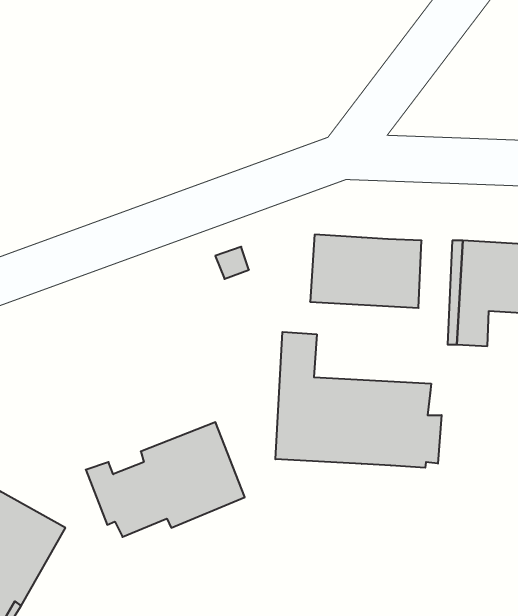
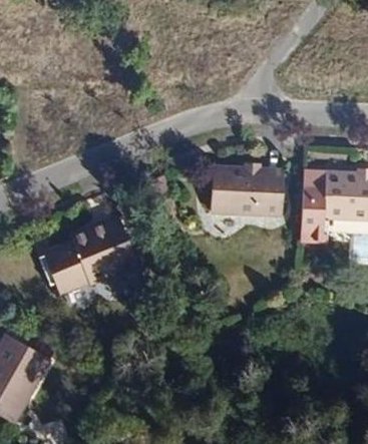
building: [275,332,442,468] -> none
building: [86,422,245,537] -> [34,216,138,292]

